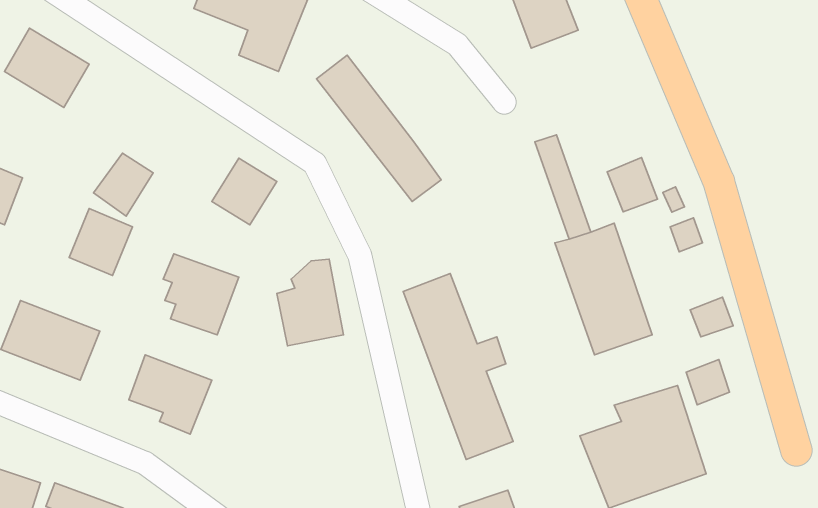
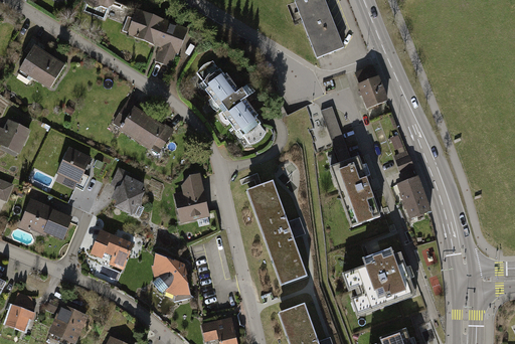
building: [94,153,153,216] -> [119,106,152,141]
building: [607,158,658,212] -> [356,75,384,106]
building: [686,360,730,405] -> [397,176,421,201]
building: none -> [151,251,192,299]

